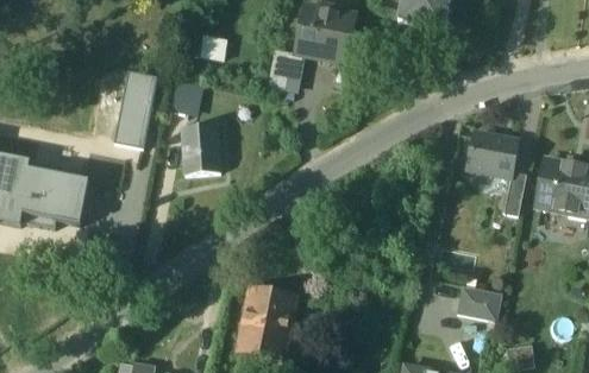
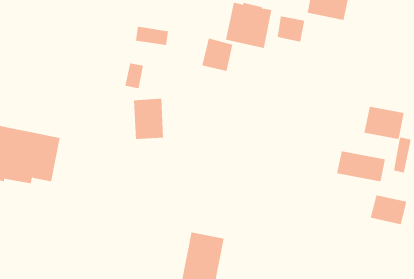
building: none -> [277,16,305,43]
building: [114,74,156,147] -> none
building: none -> [337,151,386,182]
building: [456,285,502,322] -> [370,195,407,225]

